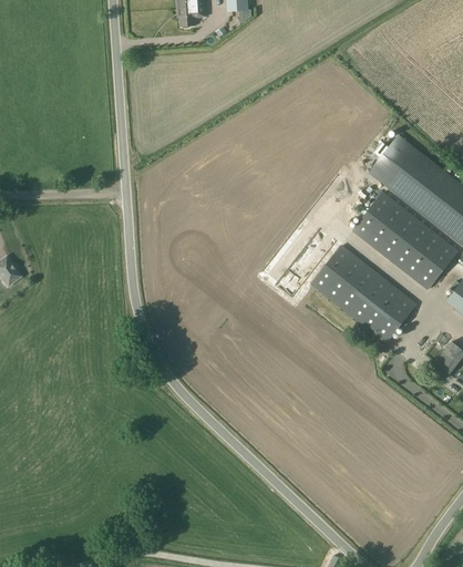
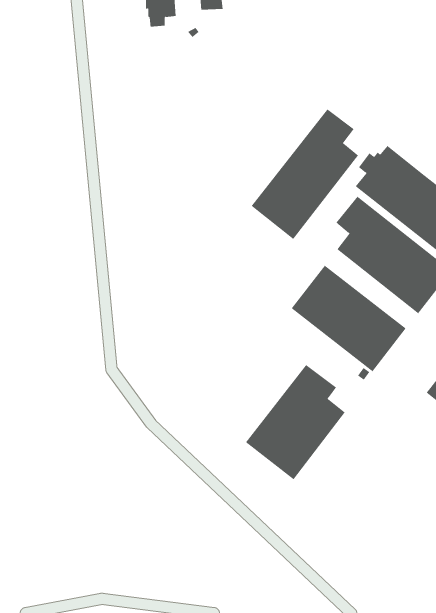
building: none -> [251,109,359,240]
building: none -> [245,364,346,480]

